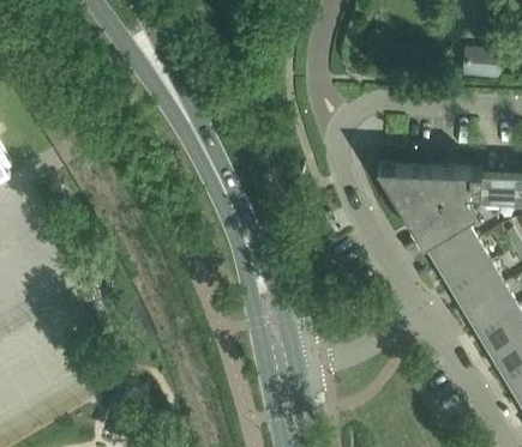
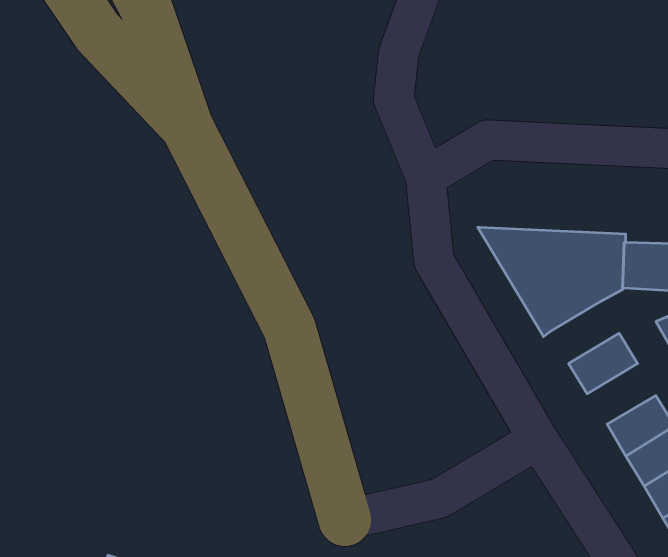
building: [460,49,498,80] -> none
building: [428,219,478,264] -> none
building: [455,264,504,307] -> none

